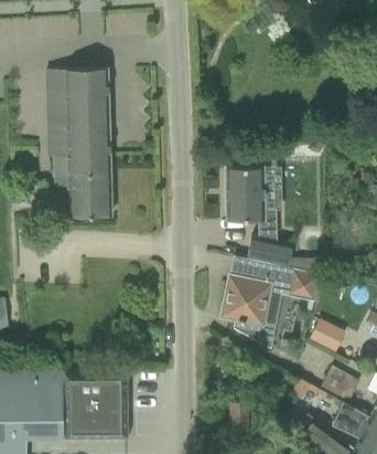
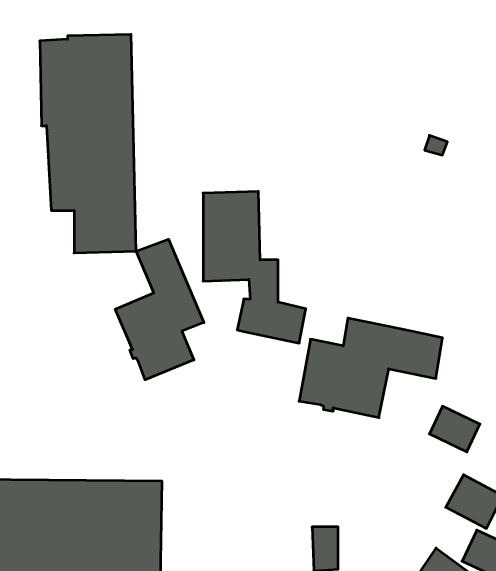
building: [227,166,297,268] -> [203,191,306,343]
building: none -> [115,239,204,380]

